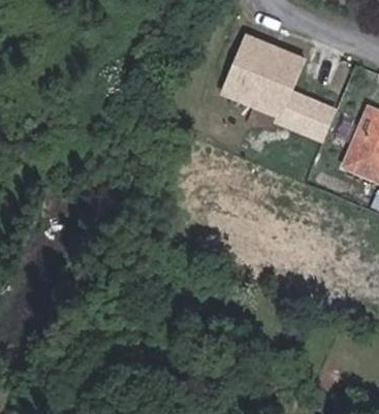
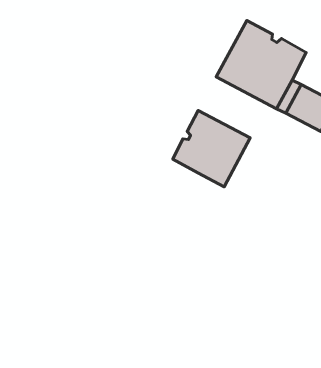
building: none -> [173,111,250,187]

